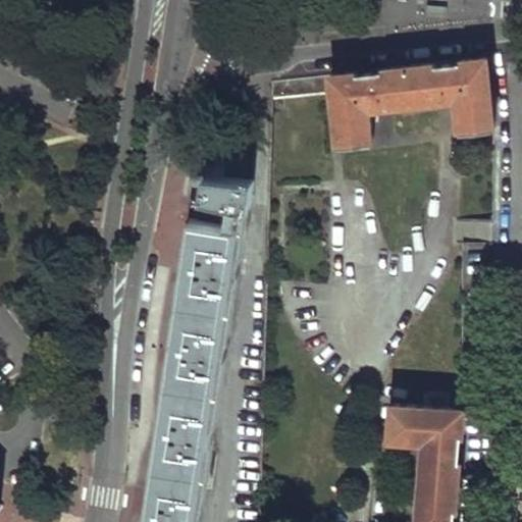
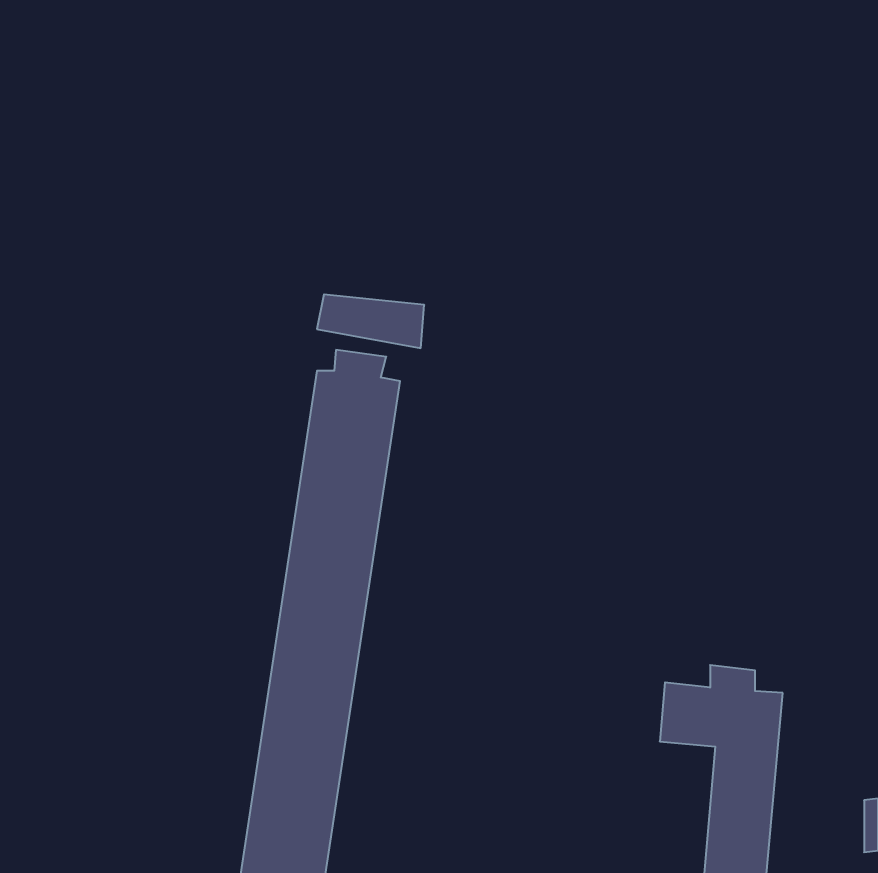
building: [269,63,490,149] -> none

